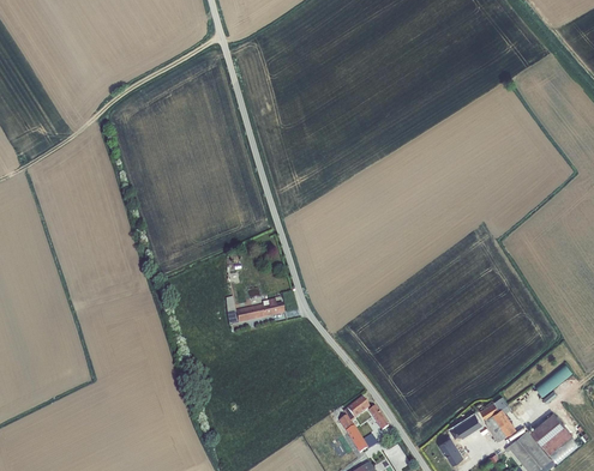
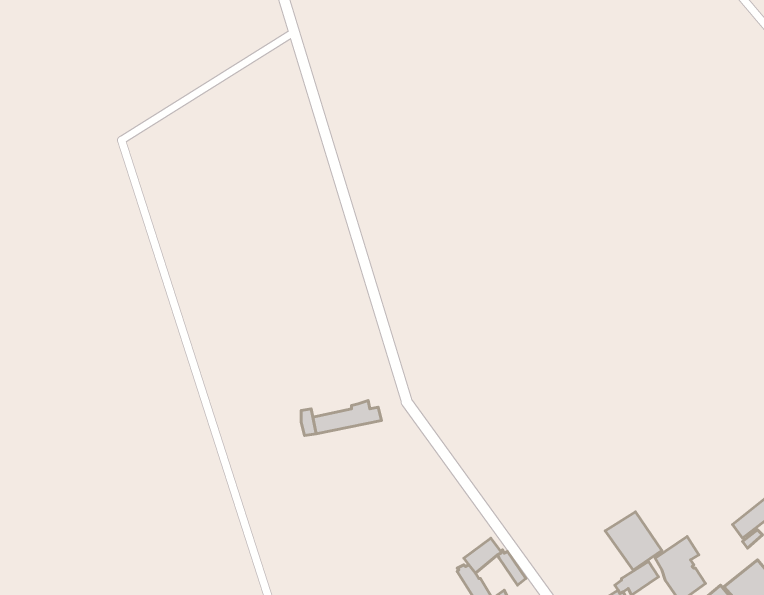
building: none -> [605,512,662,570]

